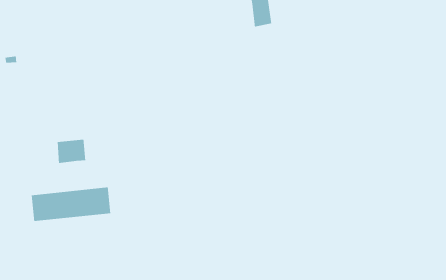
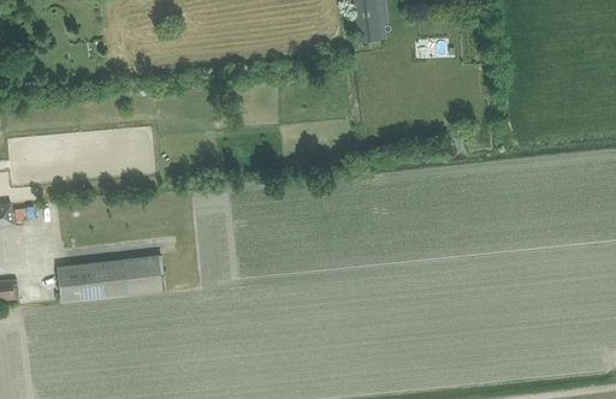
building: [57,139,86,164] -> none

